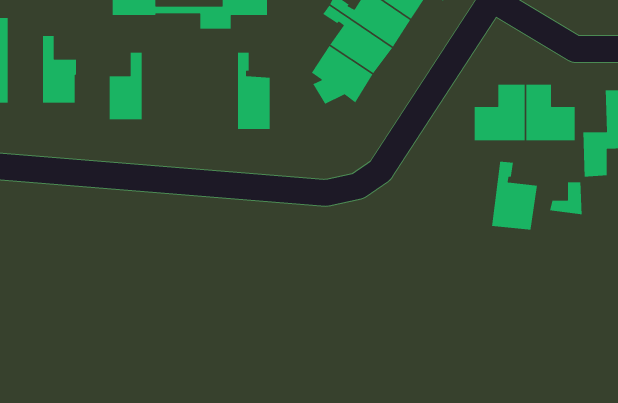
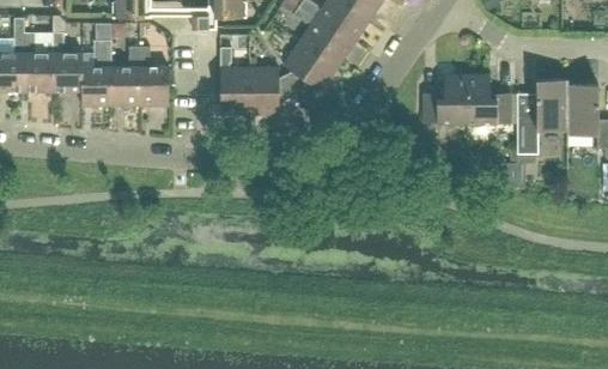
building: none -> [24,32,53,91]
building: none -> [81,32,111,105]
building: none -> [139,47,169,105]
building: none -> [249,67,296,114]
building: [491,161,538,230] -> none

